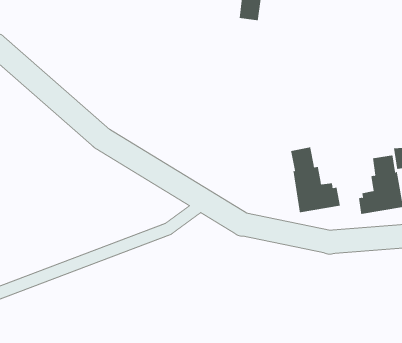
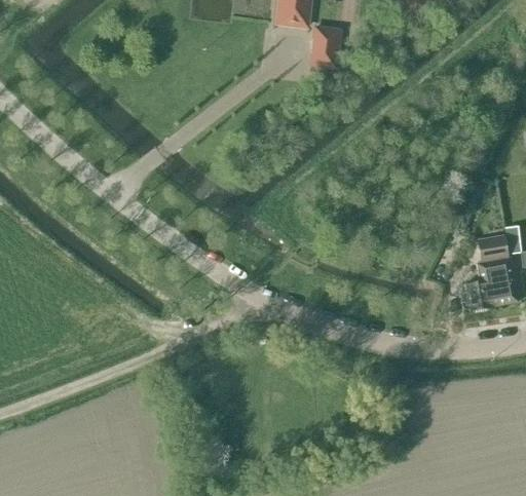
building: [291,147,341,213] -> none

